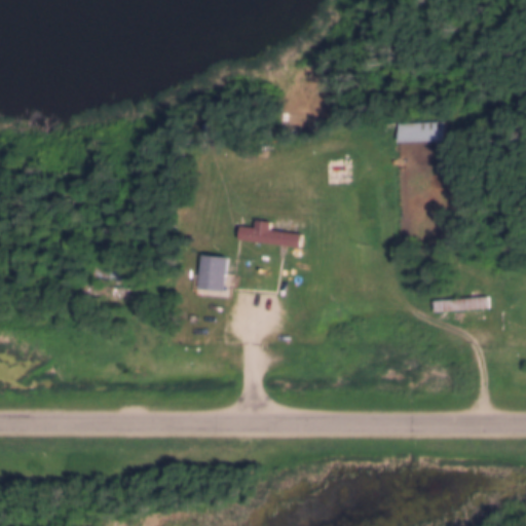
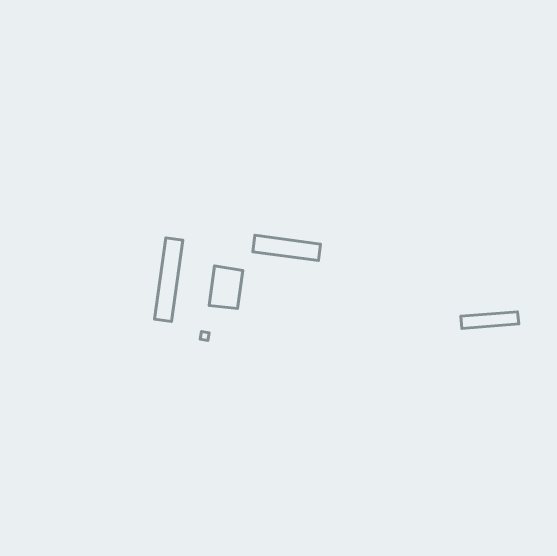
building: [396,121,443,141] -> none
building: none -> [154,238,183,321]

